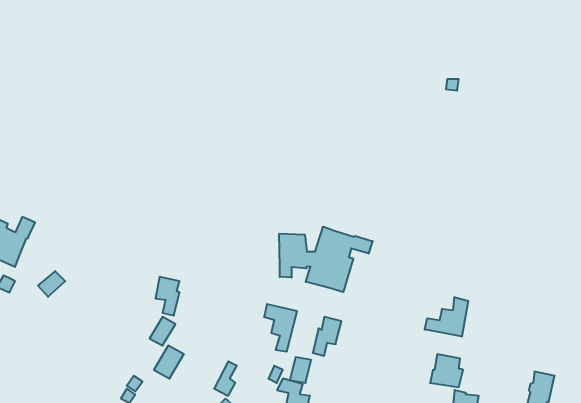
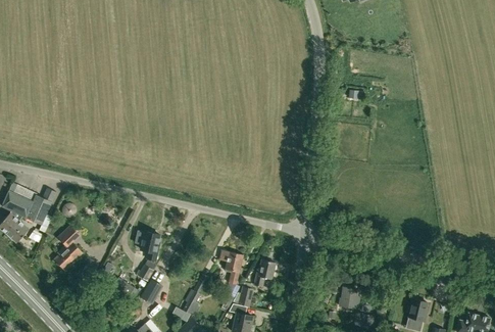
building: [279,227,373,292] -> none
building: none -> [54,243,83,270]
building: [425,297,468,337] -> none

